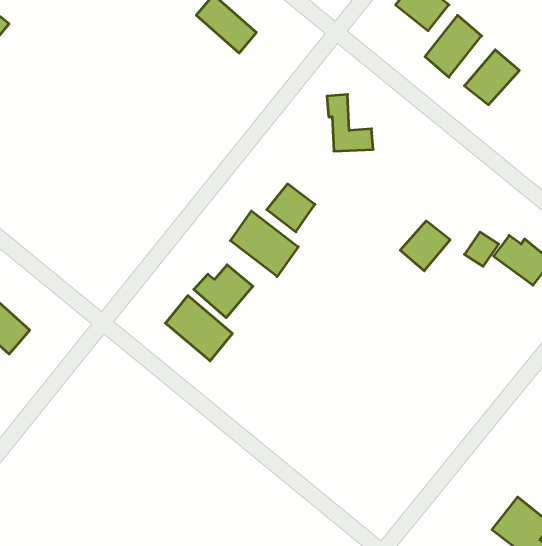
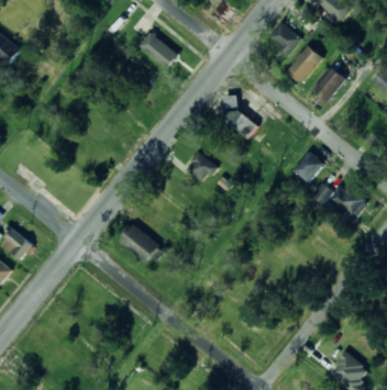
building: [230,211,298,277] -> none
building: [400,221,450,271] -> [292,151,324,182]
building: [194,265,253,318] -> none

